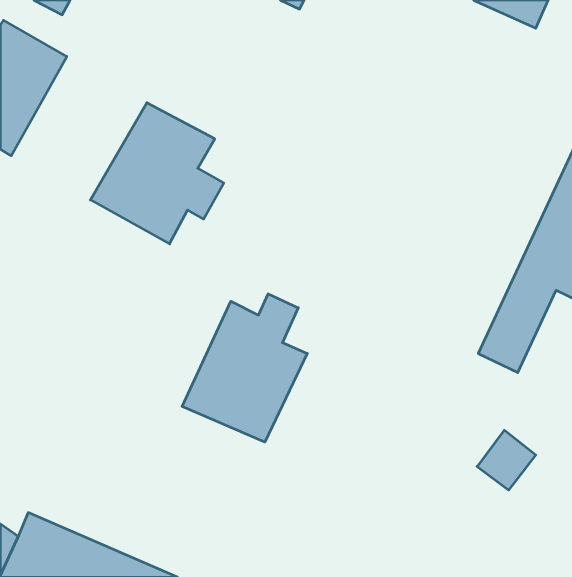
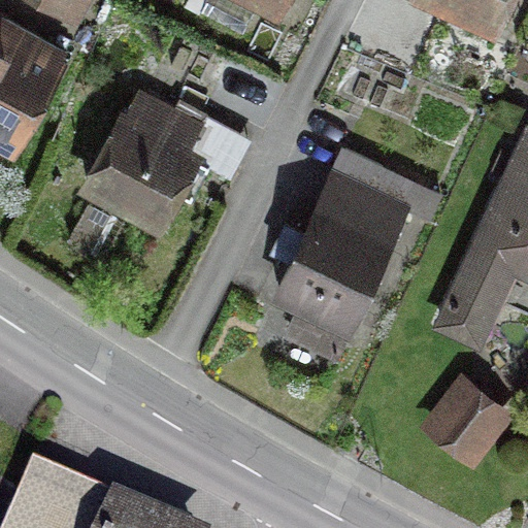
building: none -> [276,173,405,353]
building: [182,294,307,442] -> none

